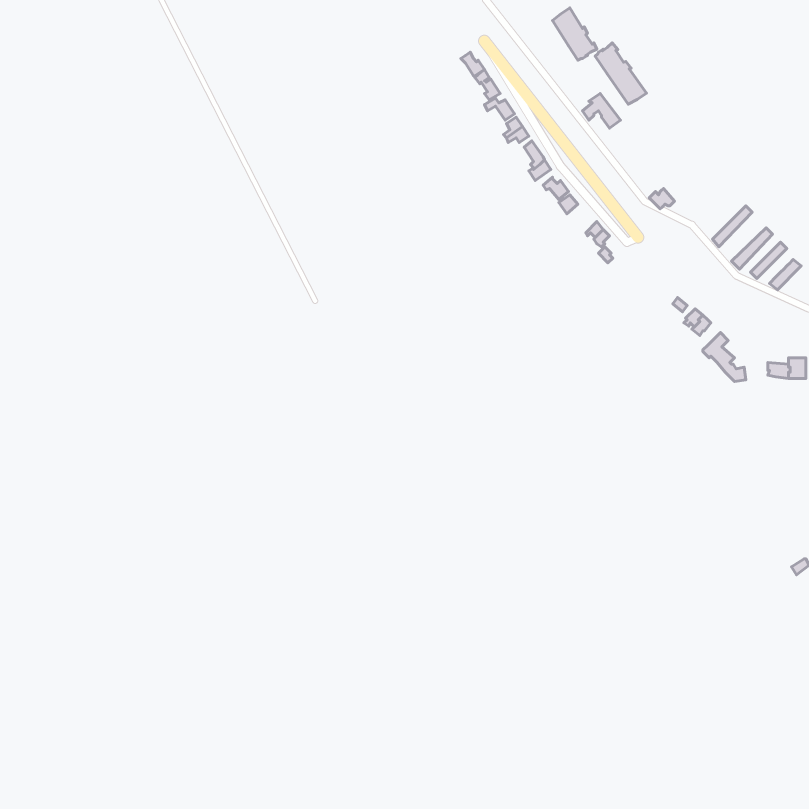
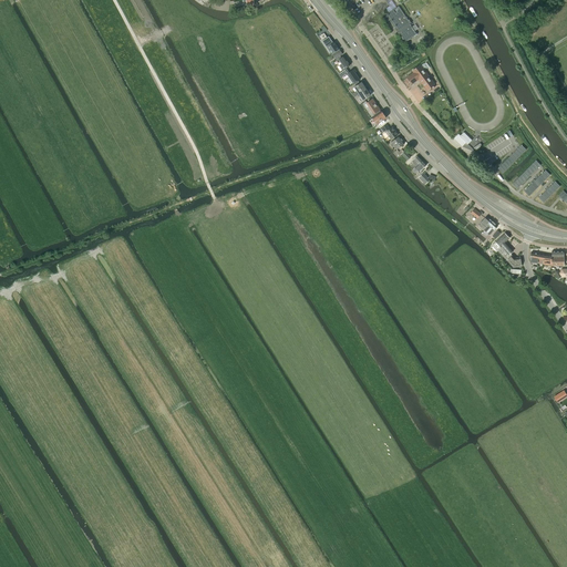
building: [595,43,646,104] -> none

